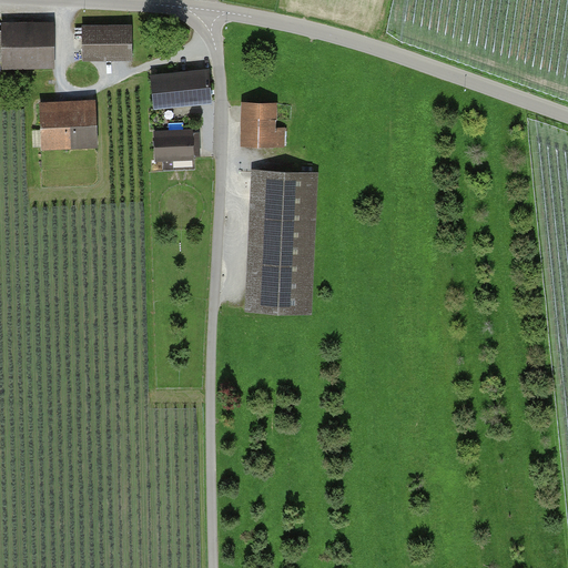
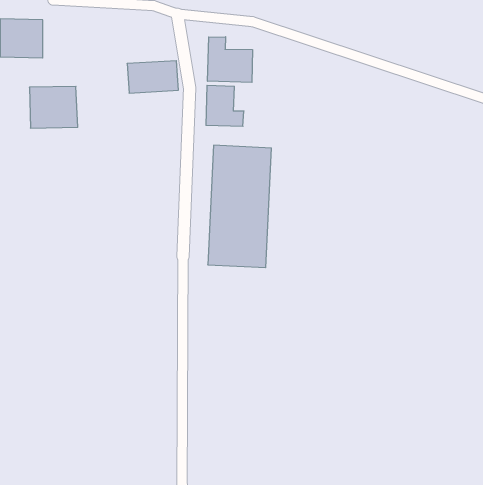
building: [80,26,129,61] -> none
building: none -> [208,37,252,82]
building: [155,131,192,161] -> none

